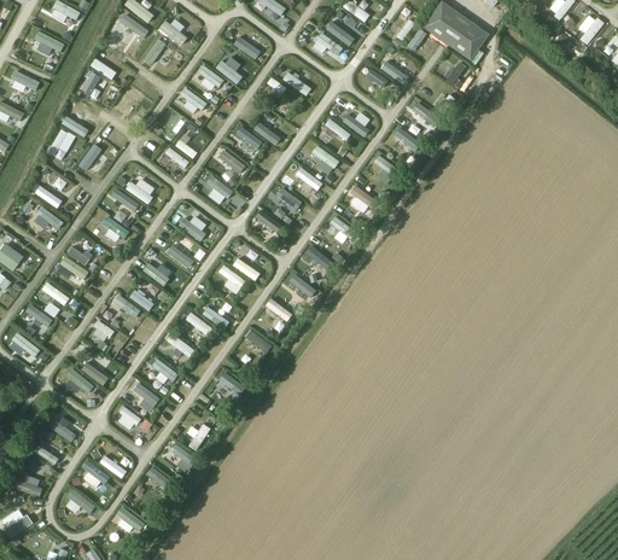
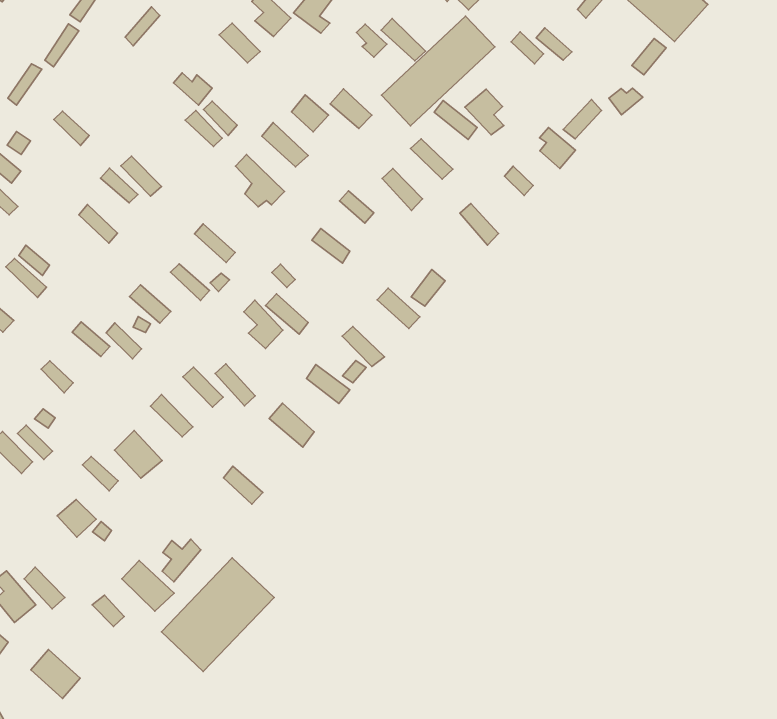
building: none -> [381,16,495,126]
building: none -> [161,558,274,671]

